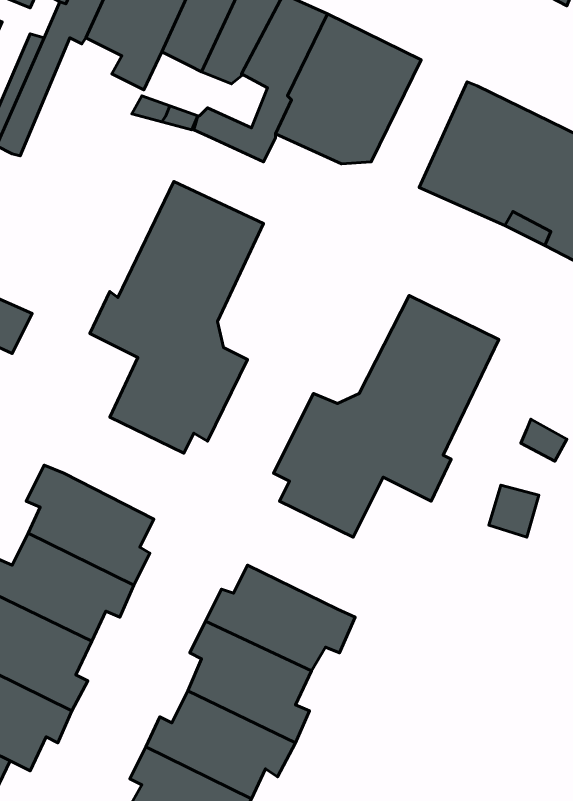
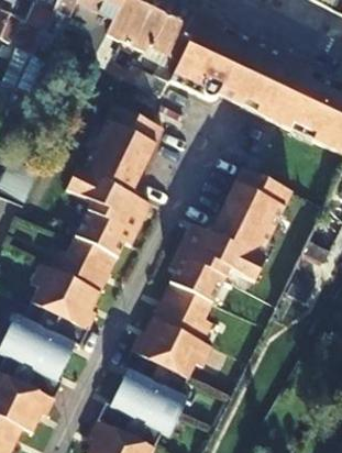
building: none -> [221,41,274,111]
building: none -> [52,237,118,294]
building: none -> [153,284,211,343]

